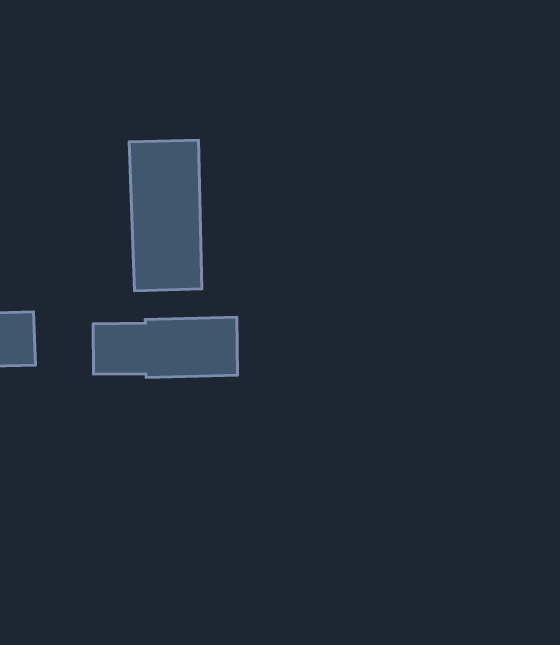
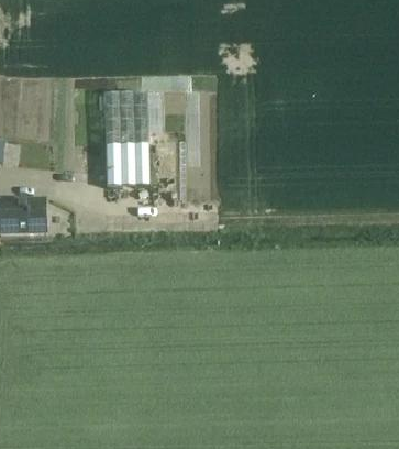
building: [93,317,238,378] -> none

